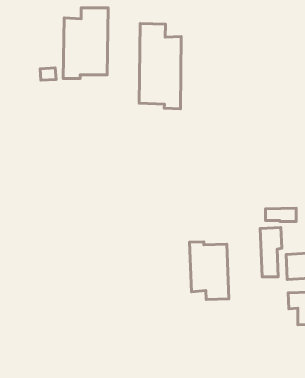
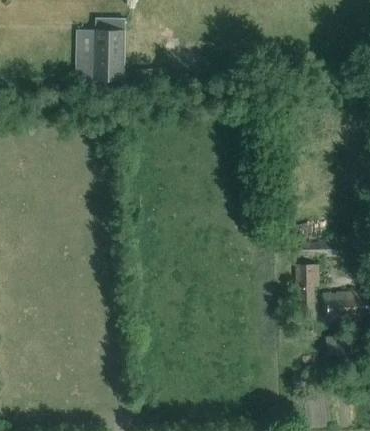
building: [139,24,181,109] -> none
building: [189,242,229,299] -> none

